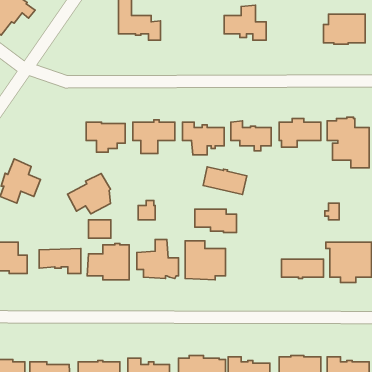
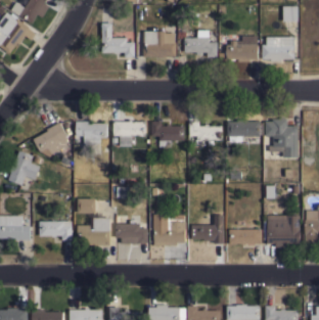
building: none -> [143,31,176,58]
building: none -> [224,36,258,62]
building: [203,167,247,194] -> none
building: [67,173,110,214] -> [33,123,66,154]
building: [195,209,236,233] -> [191,225,224,243]

